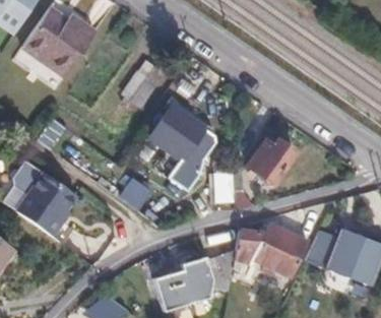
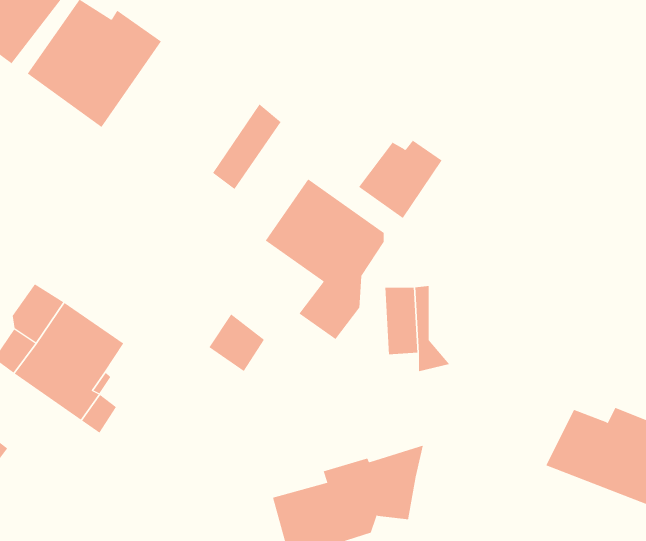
building: [248,140,294,183] -> [358,140,443,219]
building: [234,224,307,275] -> none

